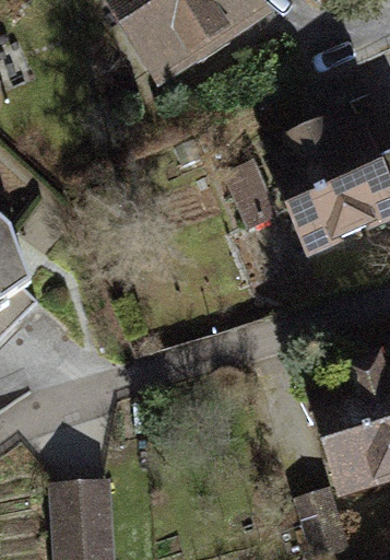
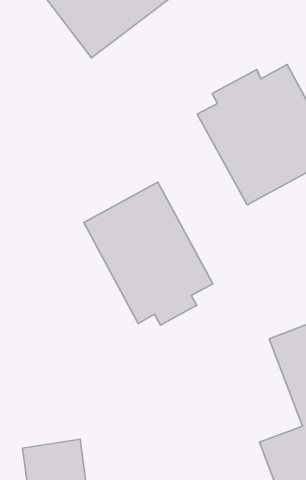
building: none -> [84,182,213,325]

